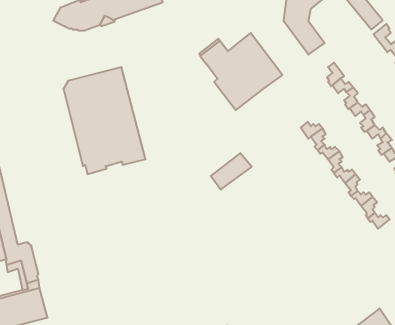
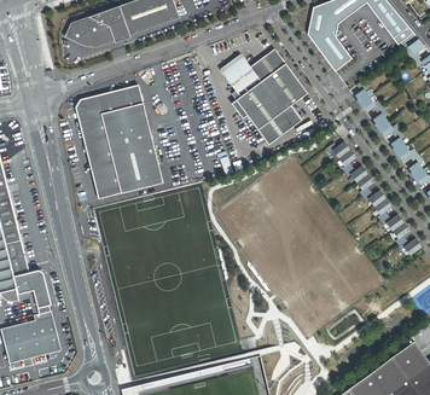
building: [211,153,252,190] -> [258,106,302,145]

